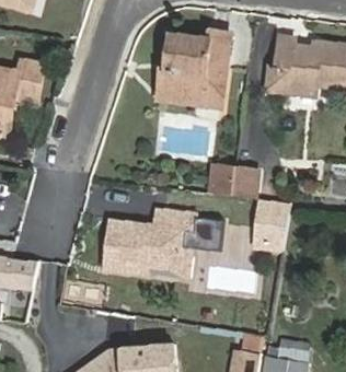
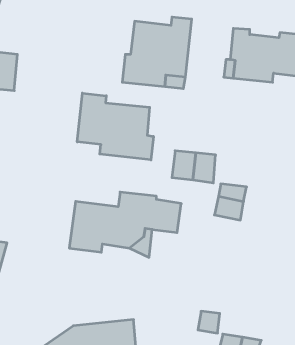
building: none -> [77,93,153,160]

